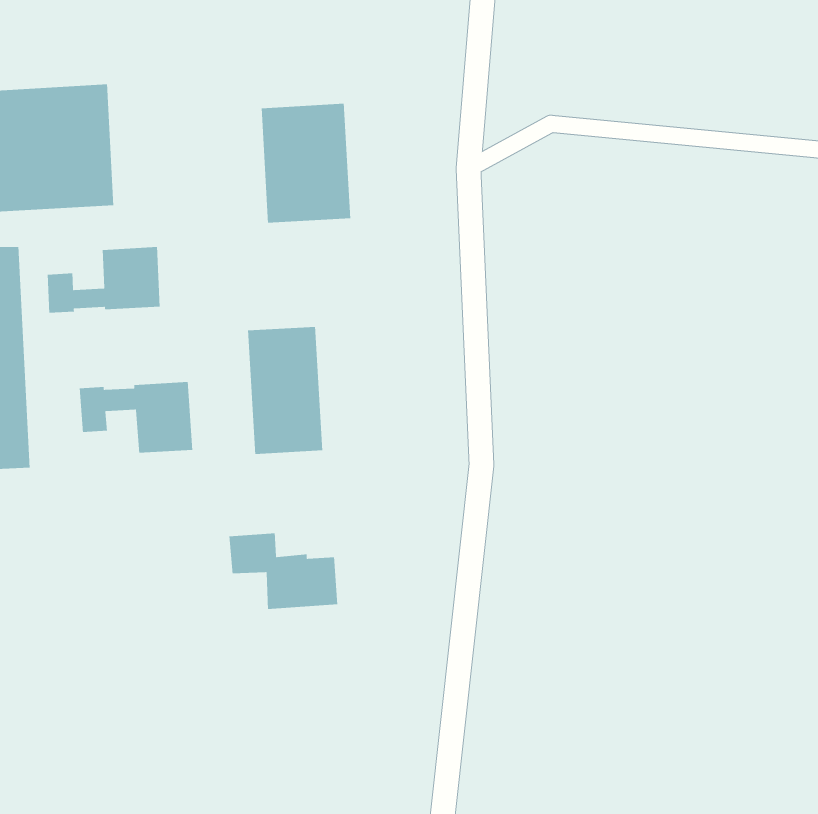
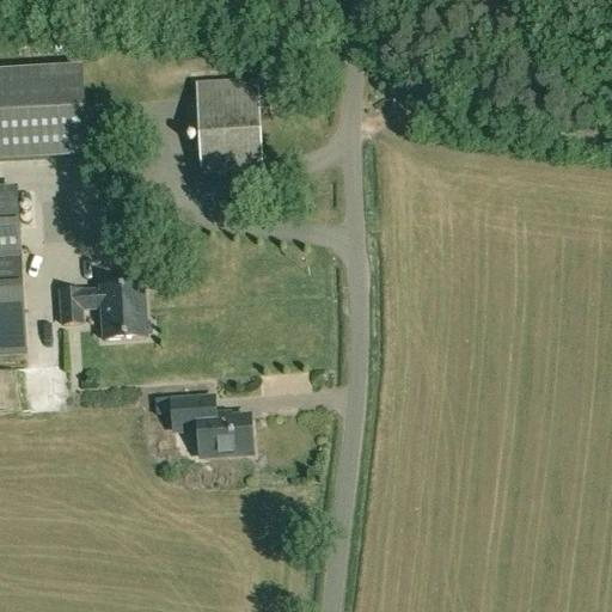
building: [47,246,161,314] -> none
building: [247,326,323,455] -> none

